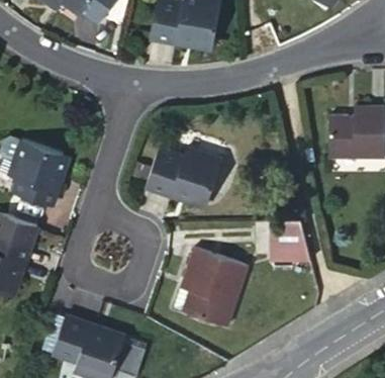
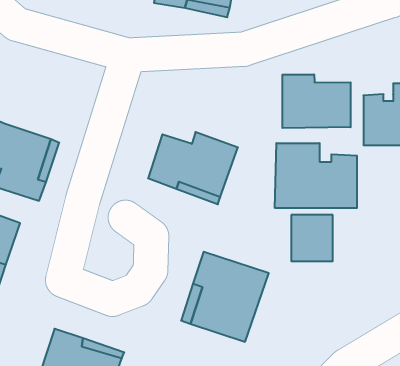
building: none -> [282,74,351,128]
building: none -> [275,143,357,208]

